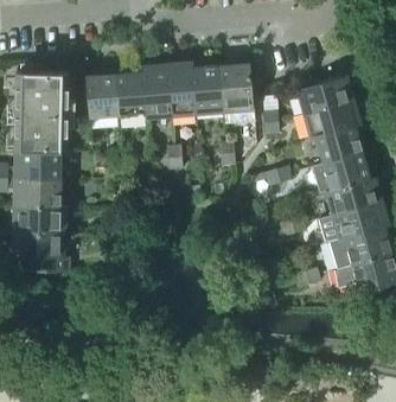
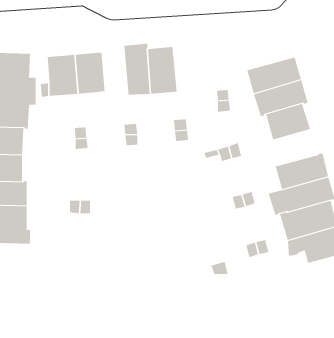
building: [218,63,253,113] -> none
building: [141,64,171,119] -> none
building: [312,152,370,192] -> none

